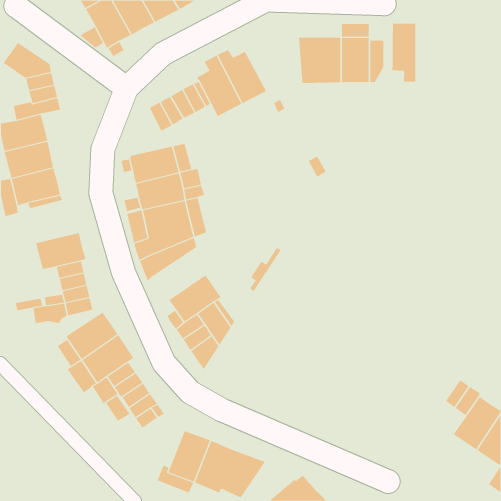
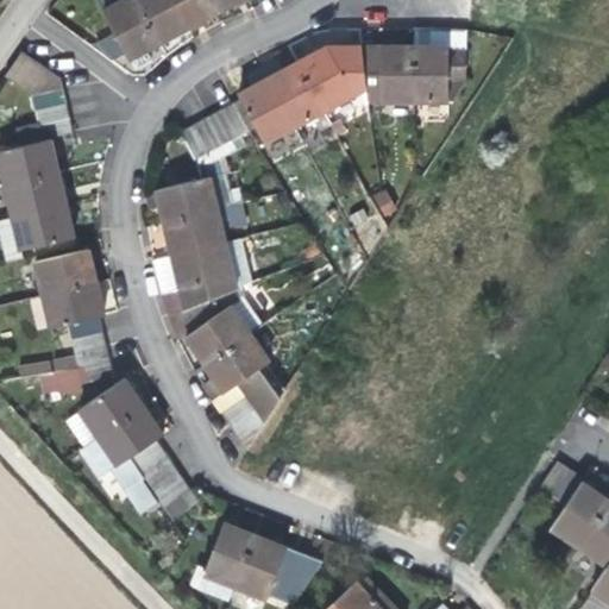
building: [392,23,416,82] -> none
building: none -> [297,45,365,111]
building: none -> [34,249,96,295]
building: none -> [186,296,263,364]

